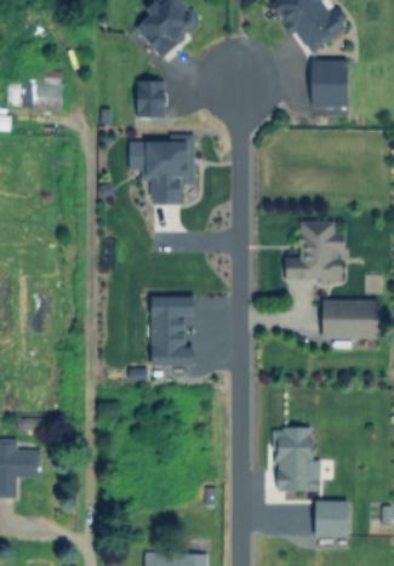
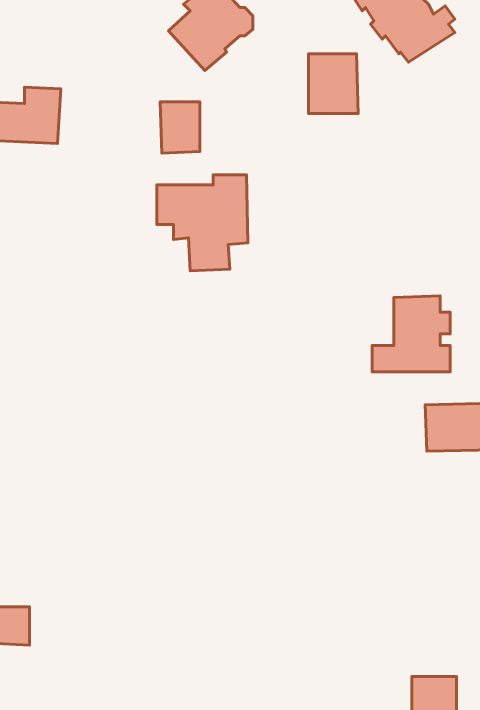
building: [316,62,353,105] -> [308,54,358,114]
building: [154,296,196,365] -> none
building: [276,428,321,491] -> none

